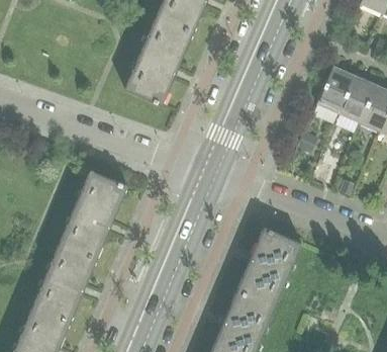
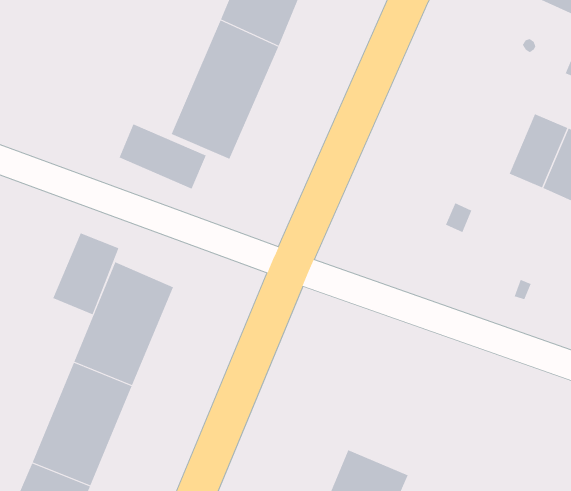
building: [316,65,355,113] -> none
building: none -> [119,124,206,189]
building: none -> [53,233,119,315]
building: [236,225,301,304] -> none

